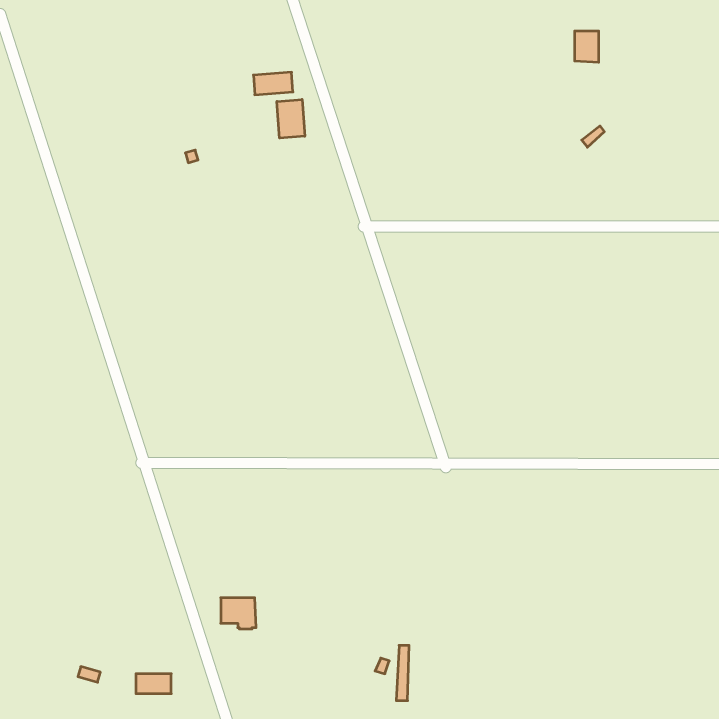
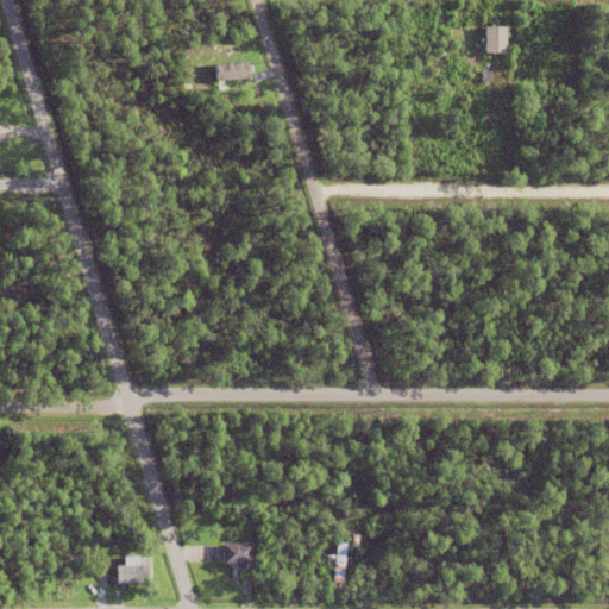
building: [277,99,305,138] -> none
building: [221,598,256,629] -> [224,544,253,570]

